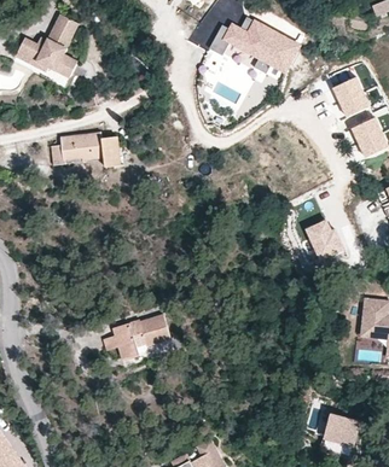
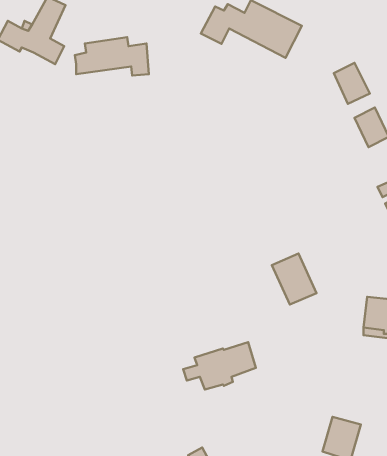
building: [50,130,120,167] -> [75,37,149,76]
building: [304,215,347,263] -> [272,254,317,305]
building: [100,314,169,358] -> [183,342,256,390]

